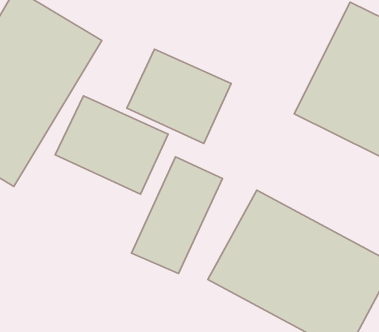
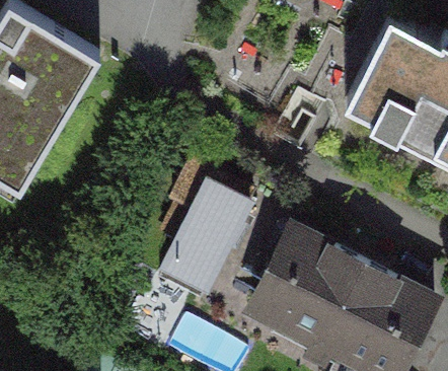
building: [127,49,231,143] -> none
building: [55,96,168,194] -> none

